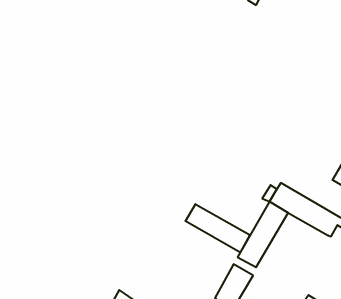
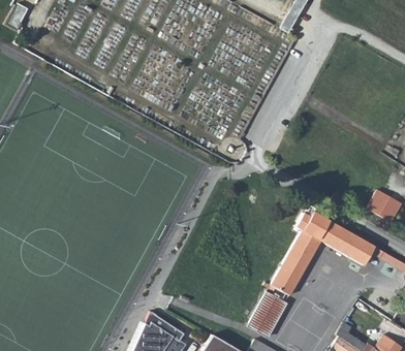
building: [185,204,250,253] -> none

